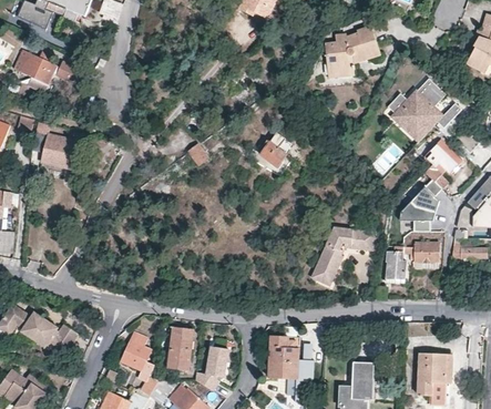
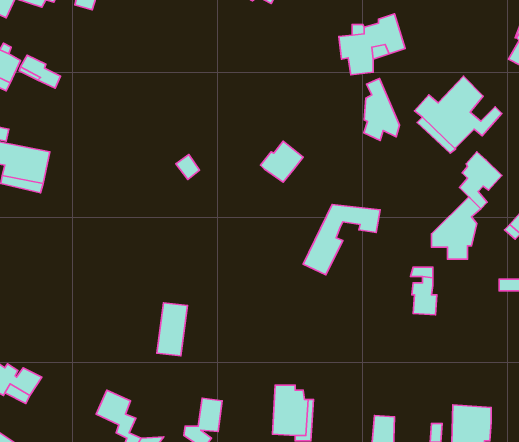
building: none -> [364,79,400,141]
building: [310,225,375,284] -> [303,205,380,275]
building: [411,243,439,267] -> none
building: [167,326,193,370] -> [157,303,187,356]

